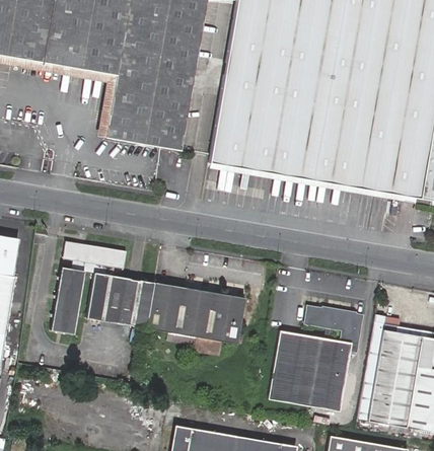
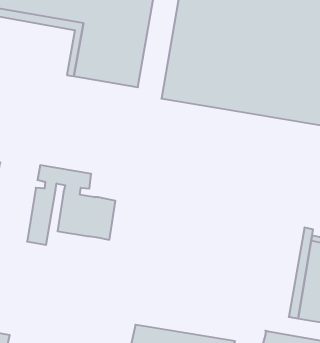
building: [147,283,245,344] -> none
building: [268,305,363,411] -> none

